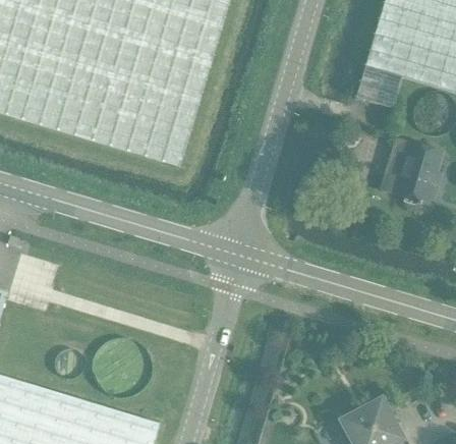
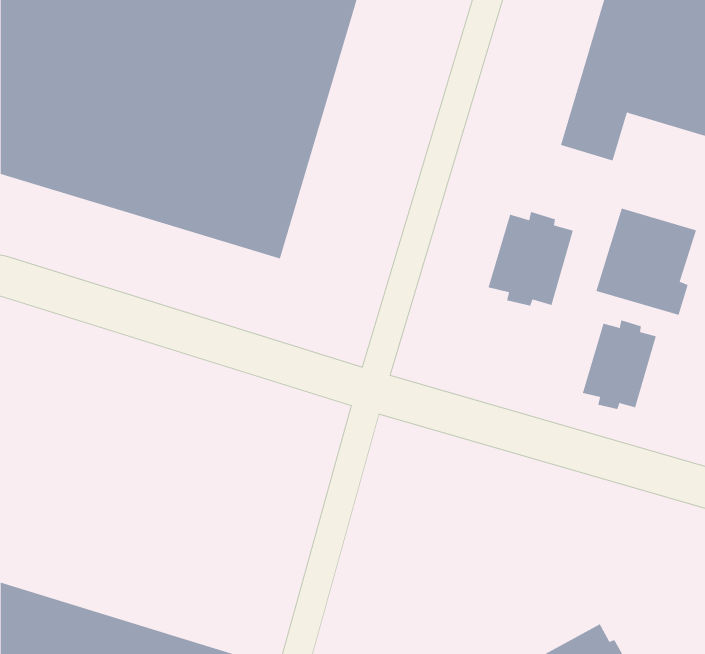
building: none -> [488,211,574,307]
building: none -> [582,319,656,410]

